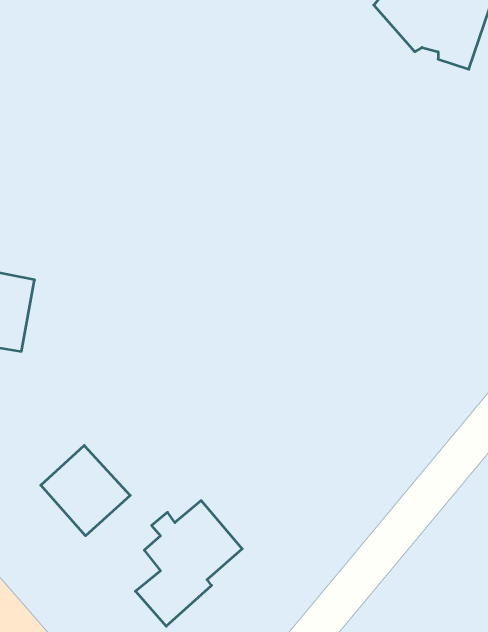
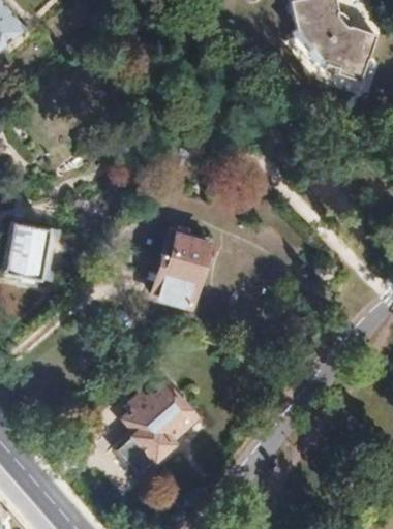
building: none -> [155,230,210,305]
building: [41,445,130,536] -> none

